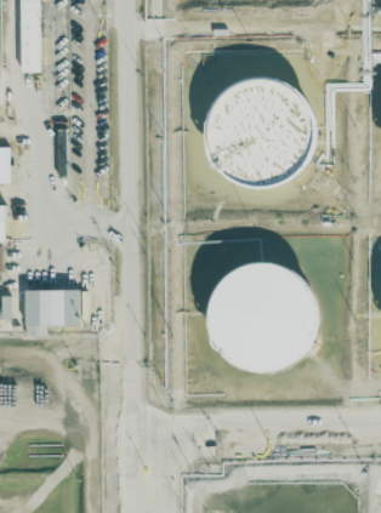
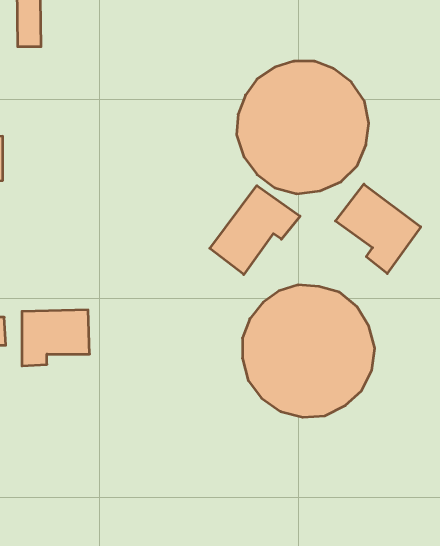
building: none -> [335,184,421,274]
building: none -> [210,186,300,275]

